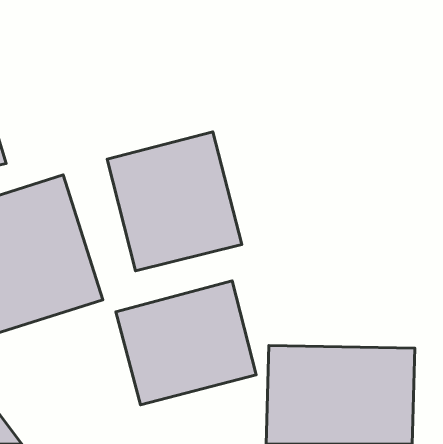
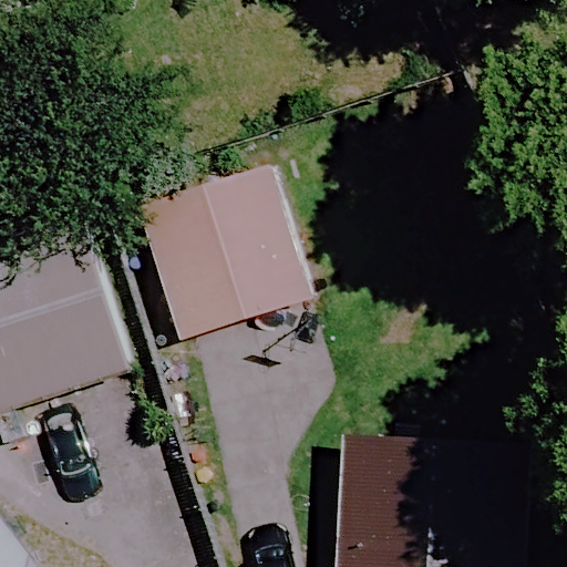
building: [116,281,256,405] -> none

